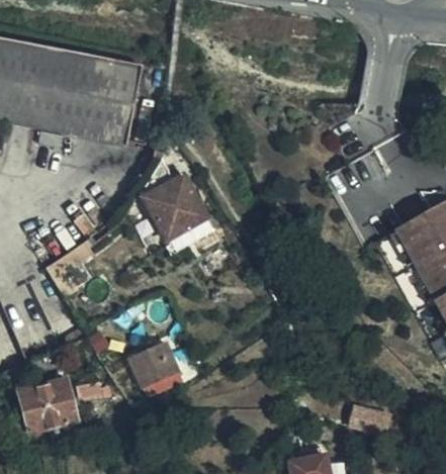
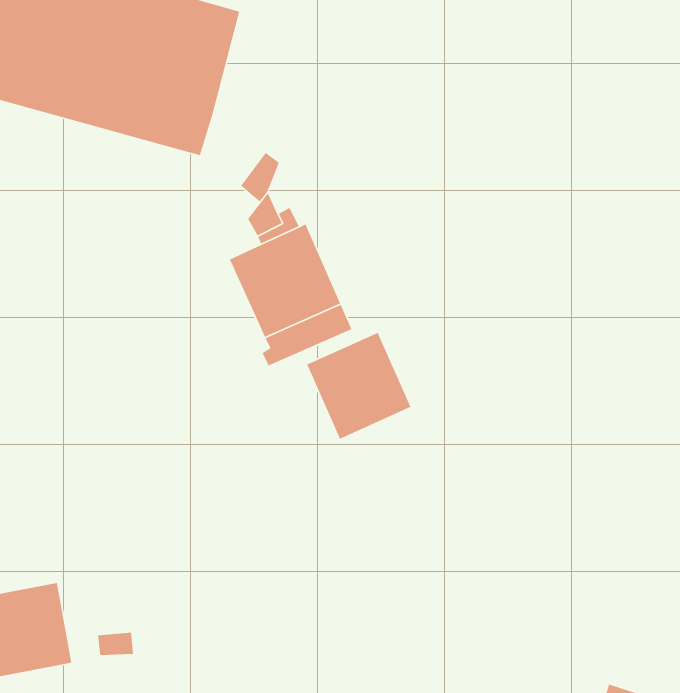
building: none -> [306,332,412,440]
building: [130,343,179,392] -> none

